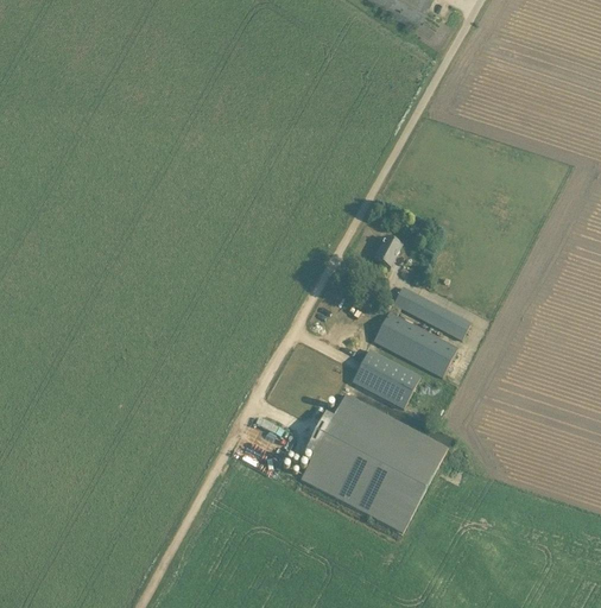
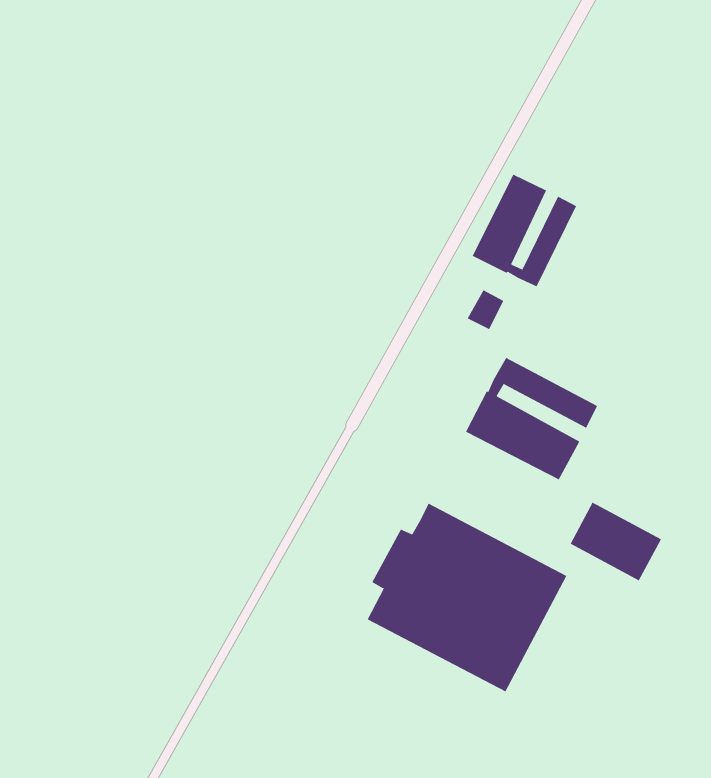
building: none -> [472,174,577,287]
building: [353,349,420,407] -> [570,502,662,581]

